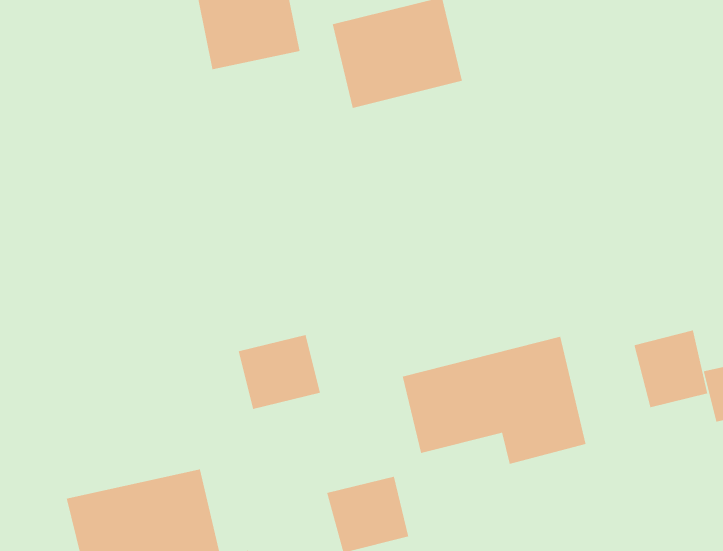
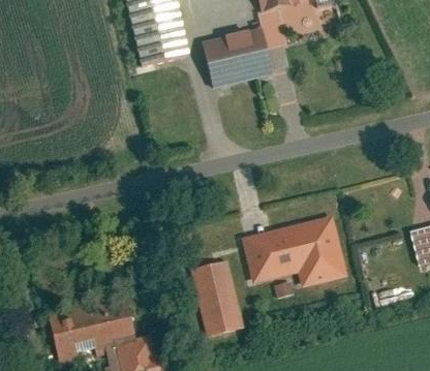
building: [633,329,708,408] -> none
building: [238,334,321,410] -> [191,260,238,303]

